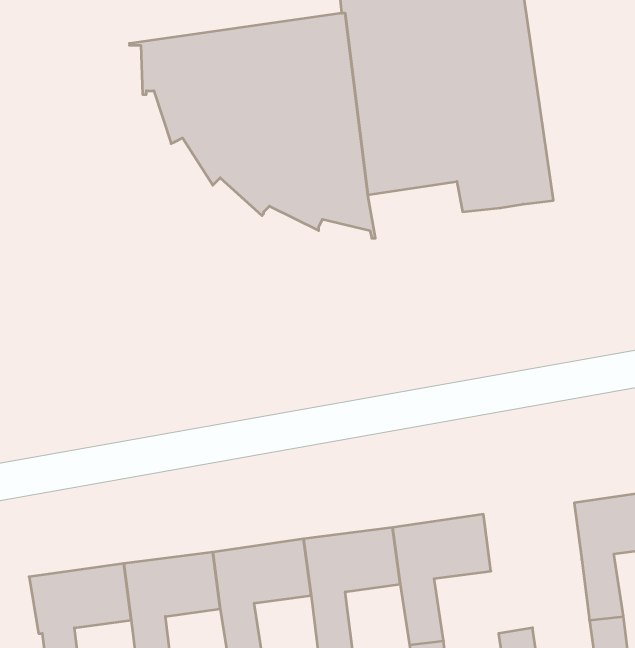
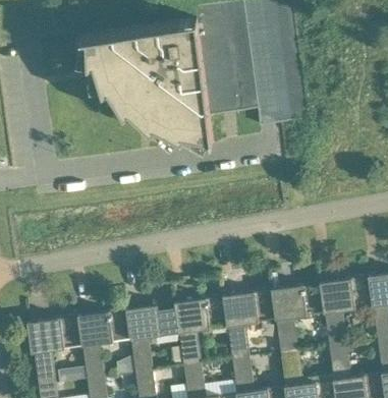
building: none -> [271,284,324,354]

